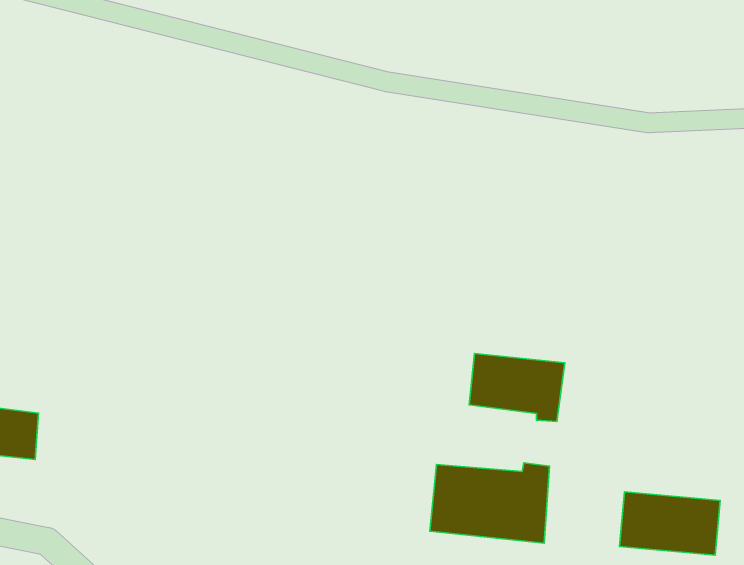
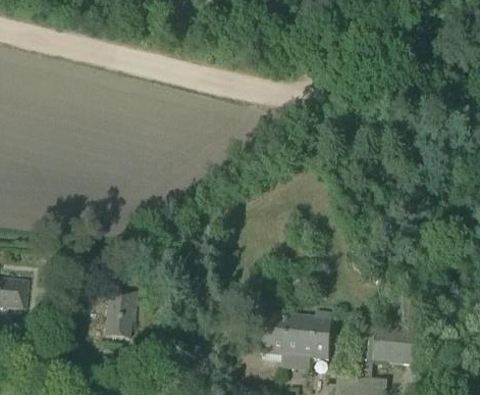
building: [469,354,565,422] -> none
building: none -> [104,289,137,340]

